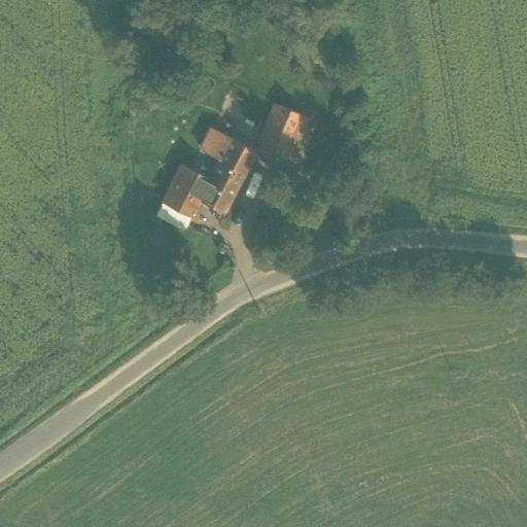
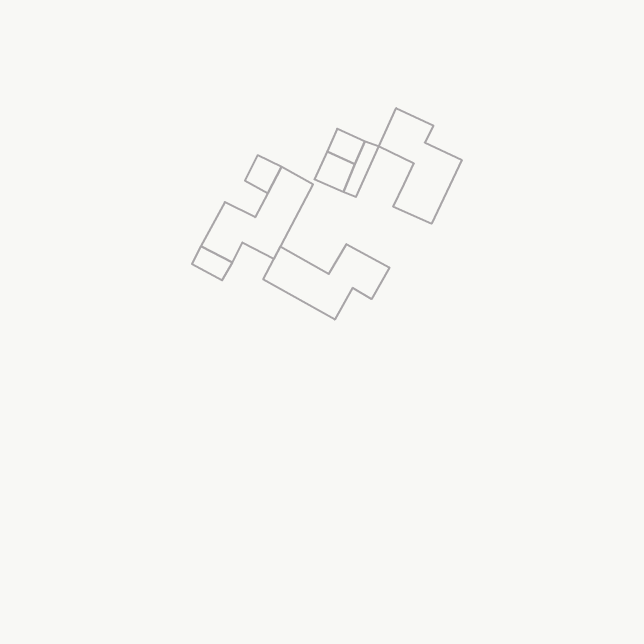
building: none -> [379,108,462,224]
building: none -> [263,244,389,320]

